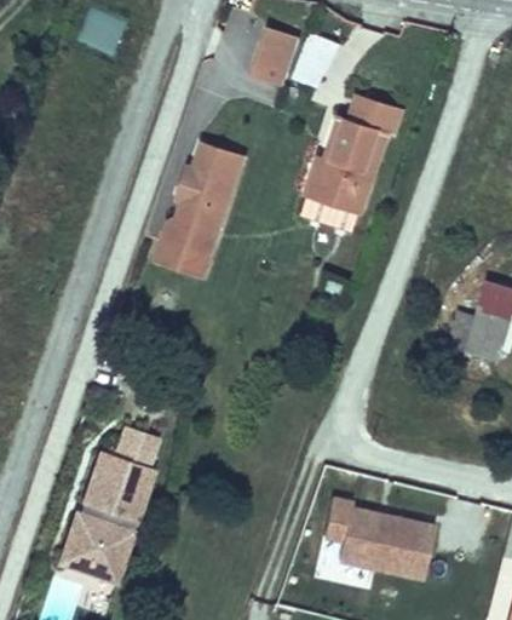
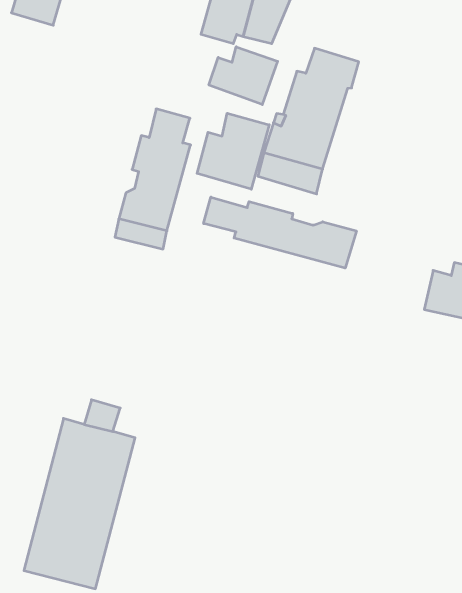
building: none -> [209,47,278,105]
building: none -> [197,113,269,189]
building: none -> [204,197,356,268]
building: [329,499,439,578] -> none

